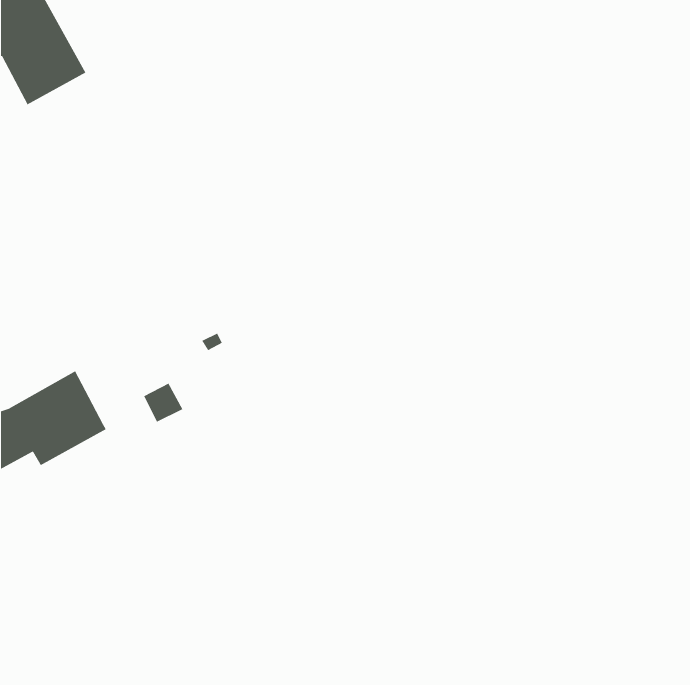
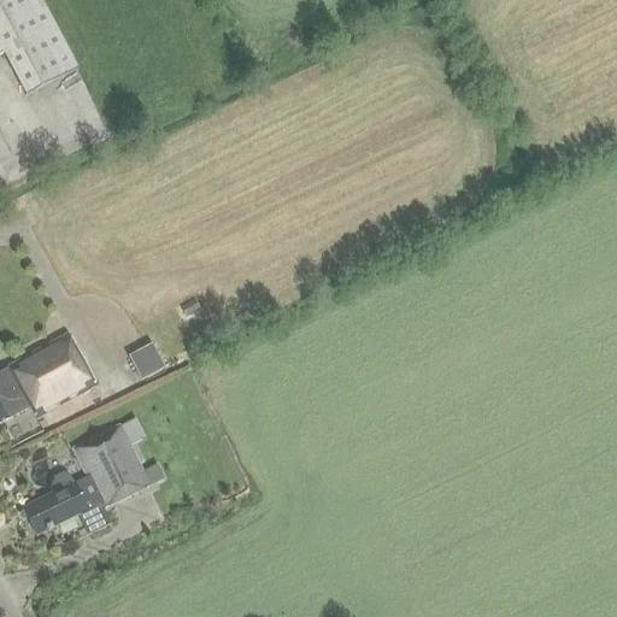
building: none -> [23,423,148,533]

